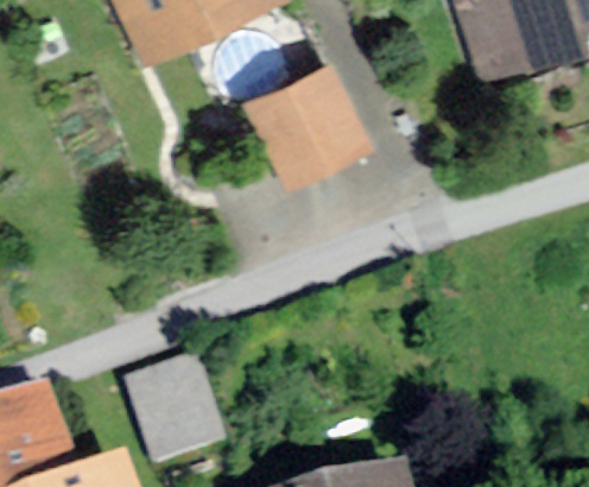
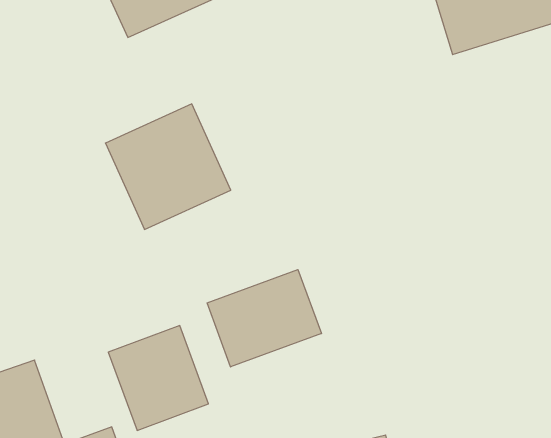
building: [243,63,373,192] -> [105,104,231,229]
building: none -> [207,270,321,367]

